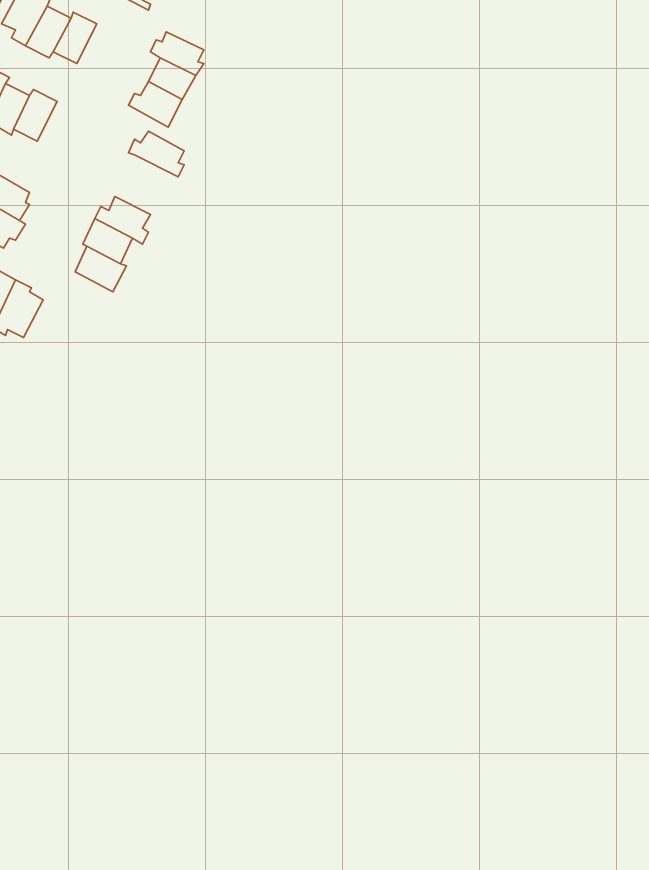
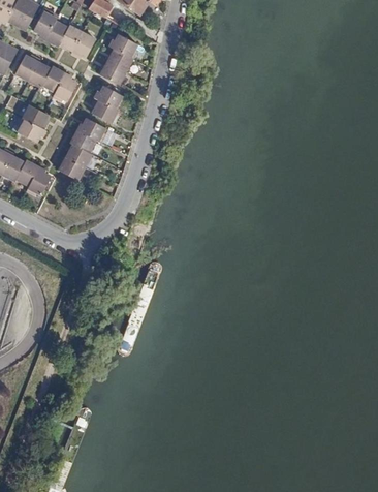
building: none -> [67,29,95,58]
building: none -> [45,69,72,100]
building: none -> [93,97,122,124]
building: none -> [61,156,88,183]

